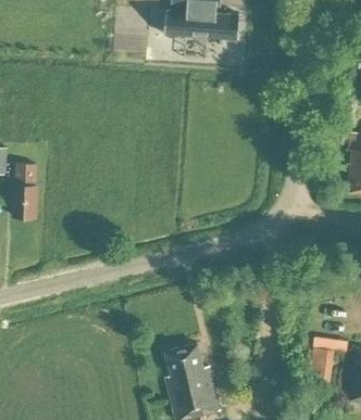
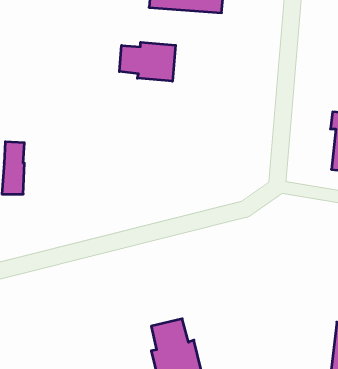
building: none -> [119,42,176,81]
building: [311,334,351,382] -> none

